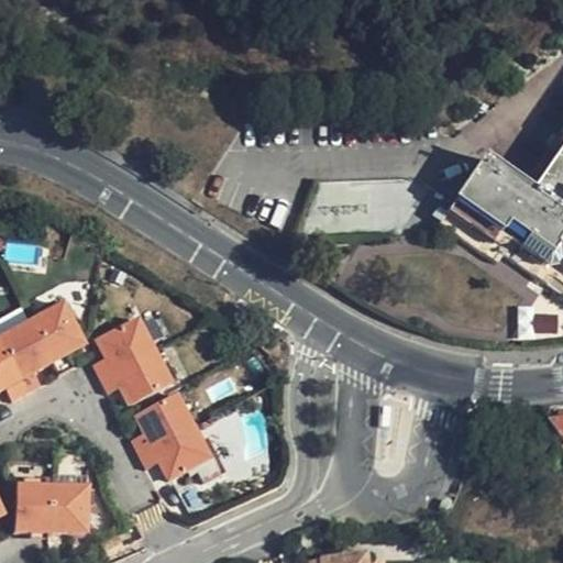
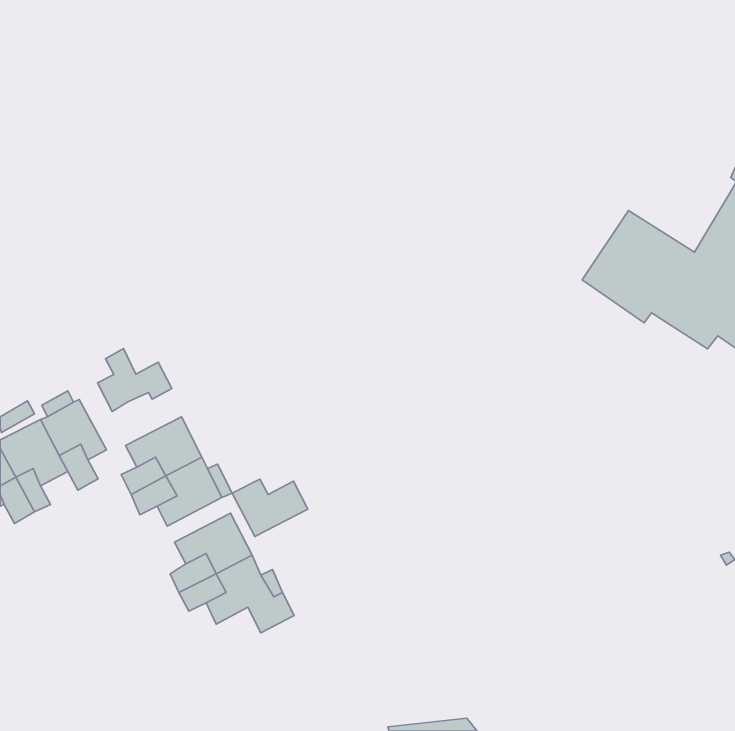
building: none -> [97,349,172,411]
building: none -> [232,479,308,537]
building: [16,481,90,538] -> none

